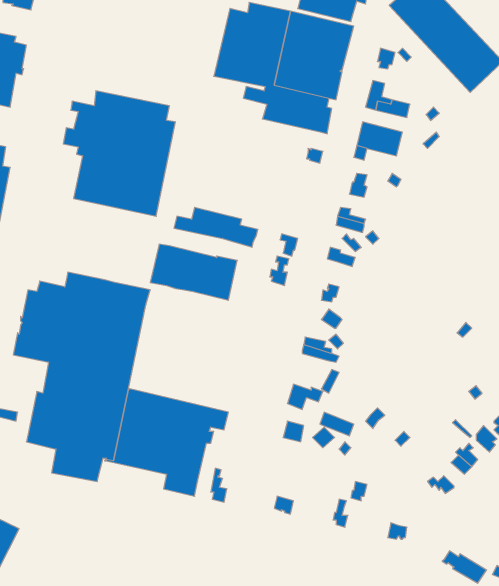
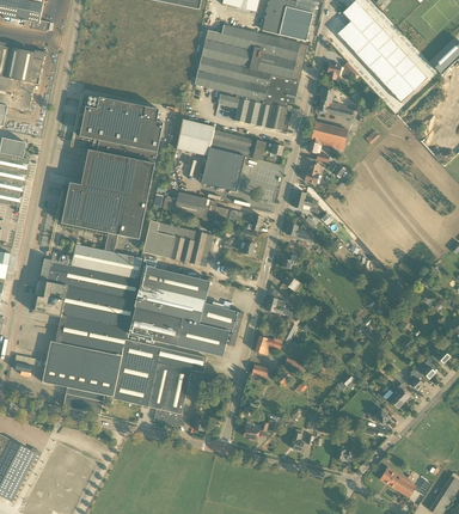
building: none -> [176,118,265,191]
building: none -> [56,183,147,252]
building: none -> [128,265,243,356]

